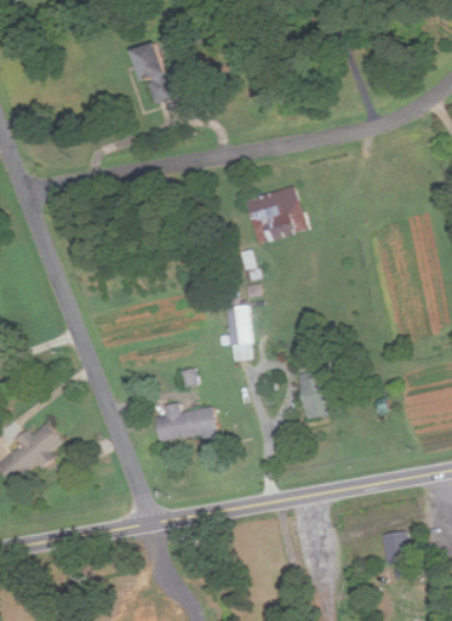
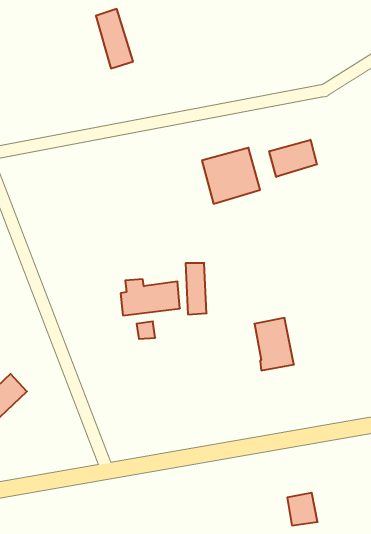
building: none -> [269,140,317,177]
building: [155,404,217,441] -> [121,279,180,315]
building: [381,530,412,564] -> [287,493,318,525]

